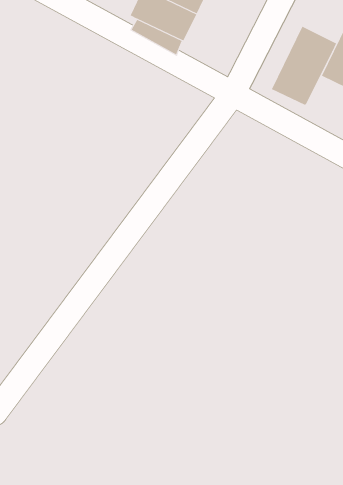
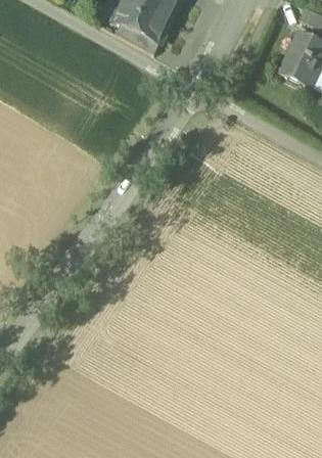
building: [271,26,337,106] -> none

